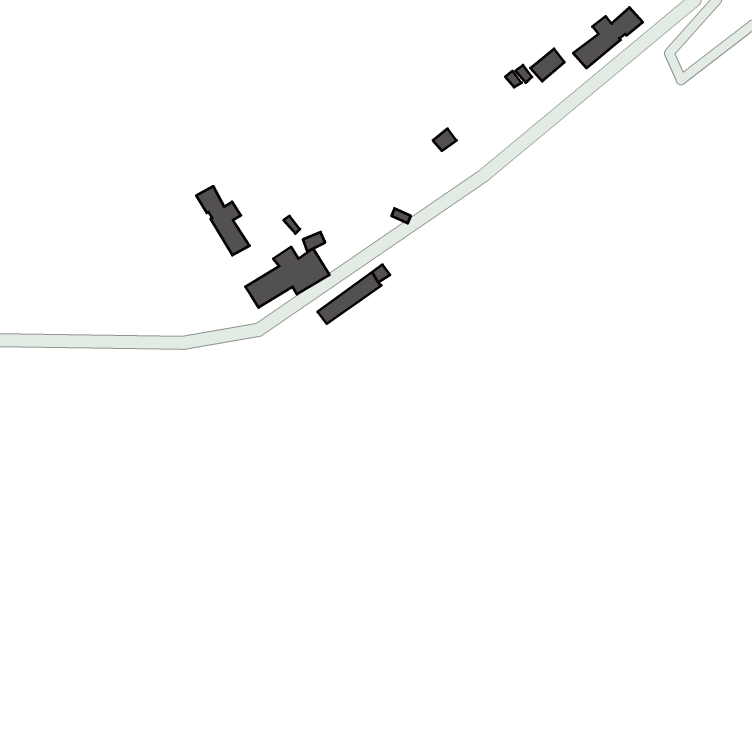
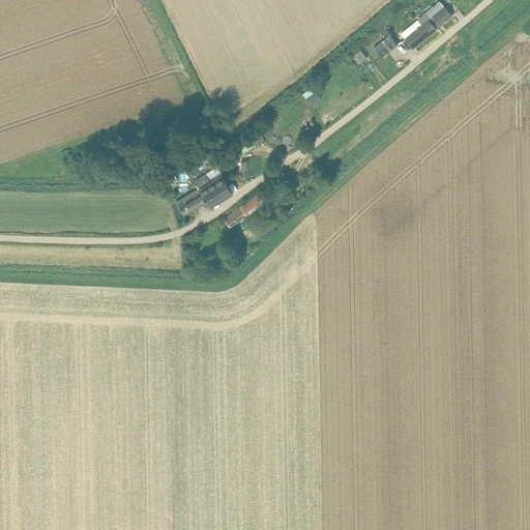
building: [196,186,250,255] -> none

